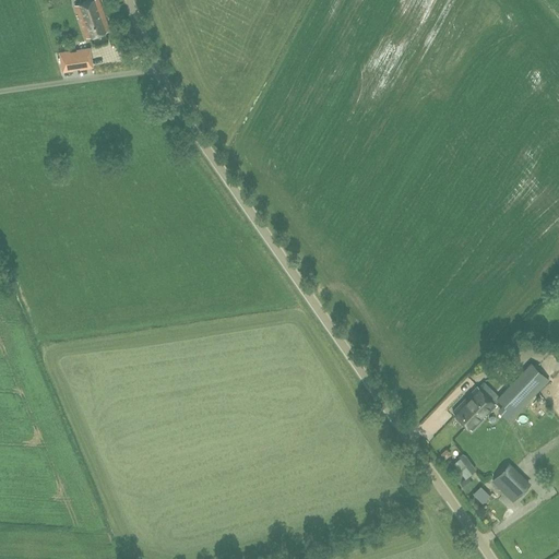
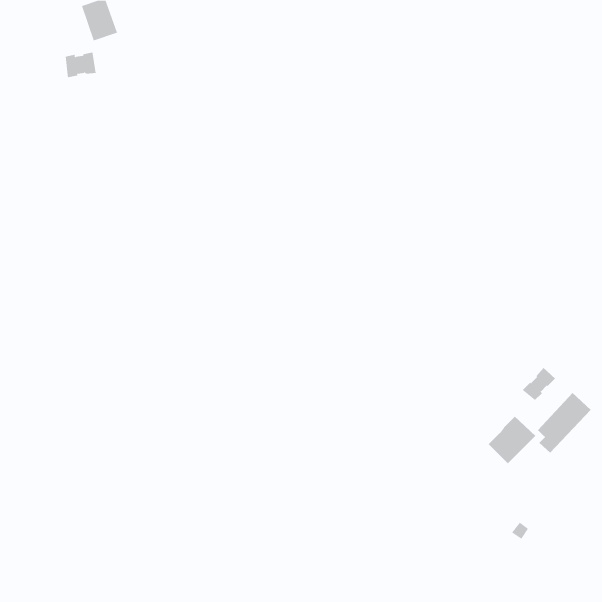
building: none -> [522,367,556,401]
building: [491,463,530,501] -> none

